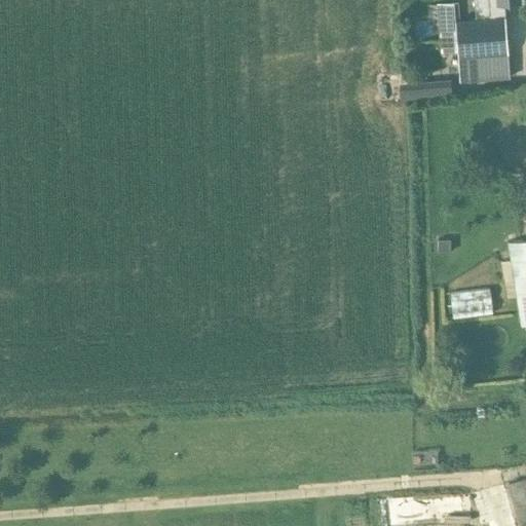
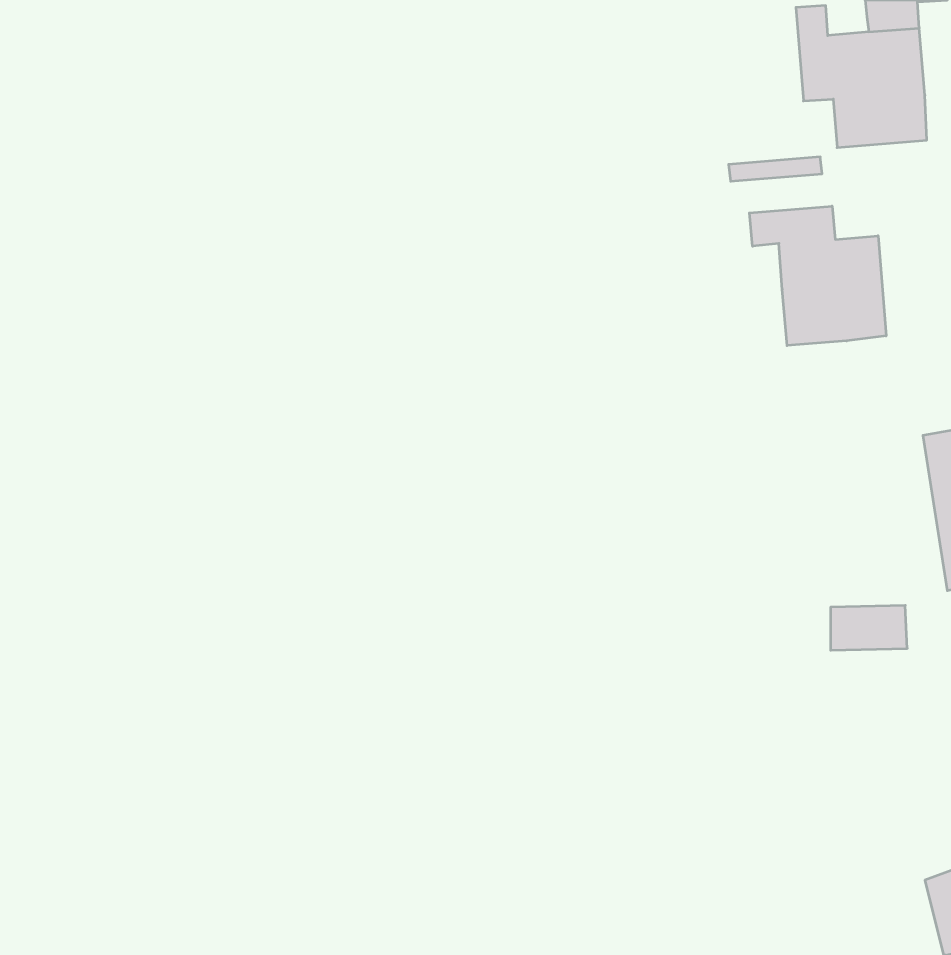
building: none -> [749,206,886,346]
building: [452,290,494,314] -> [831,605,907,650]

